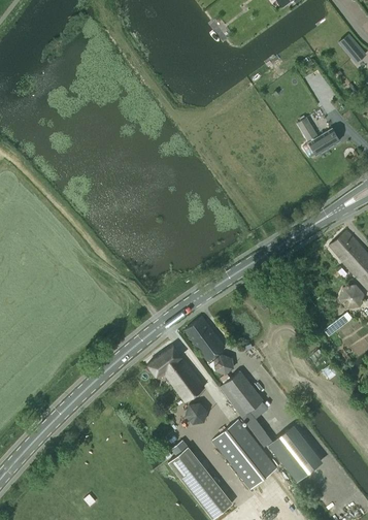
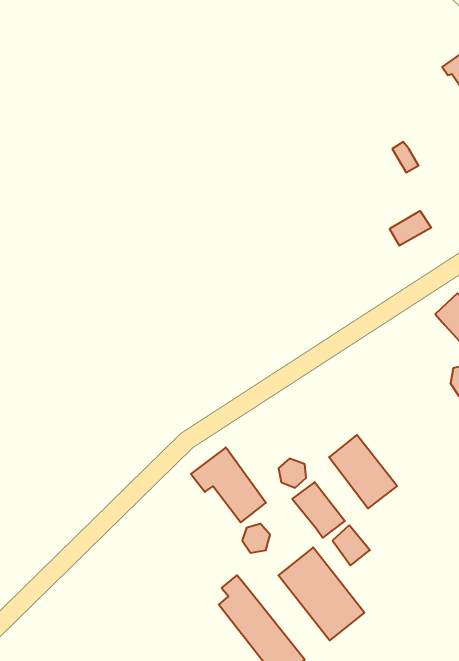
building: [308,128,339,154] -> [390,211,431,246]
building: [185,317,224,359] -> none
building: [267,427,317,482] -> [329,435,397,508]

